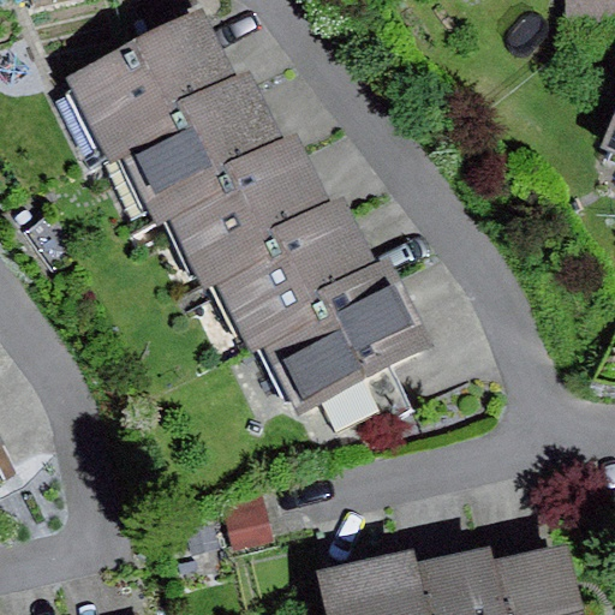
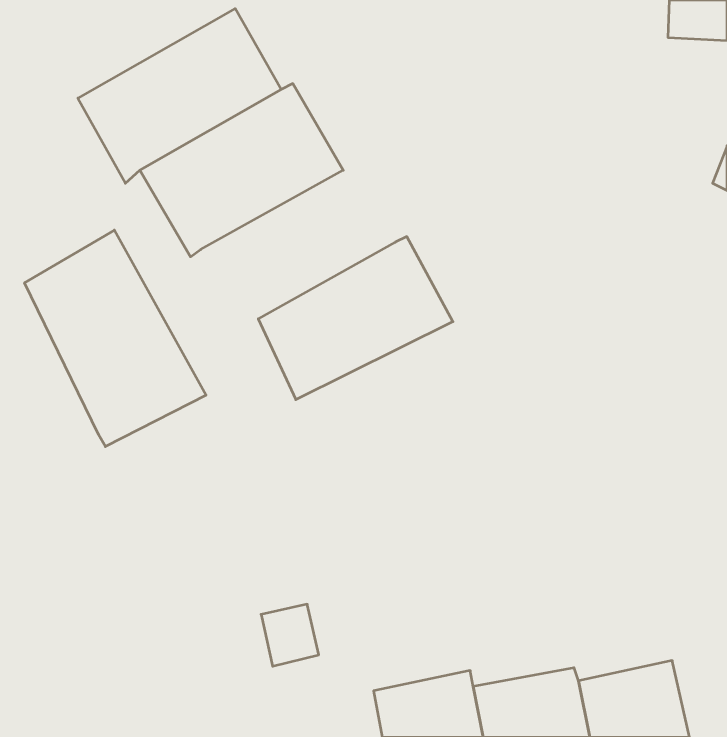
building: [167,138,329,273] -> none
building: none -> [25,230,206,447]
building: [246,265,424,434] -> none

